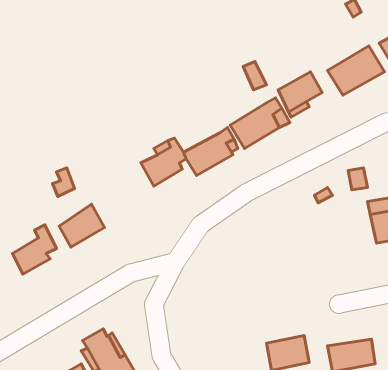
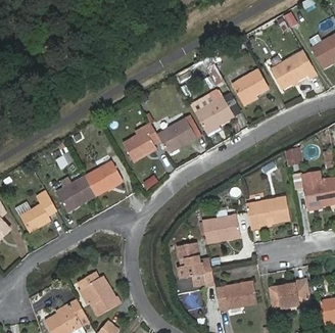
building: none -> [85,160,124,194]
building: none -> [246,197,290,226]
building: none -> [203,215,240,242]
building: none -> [179,241,214,284]

